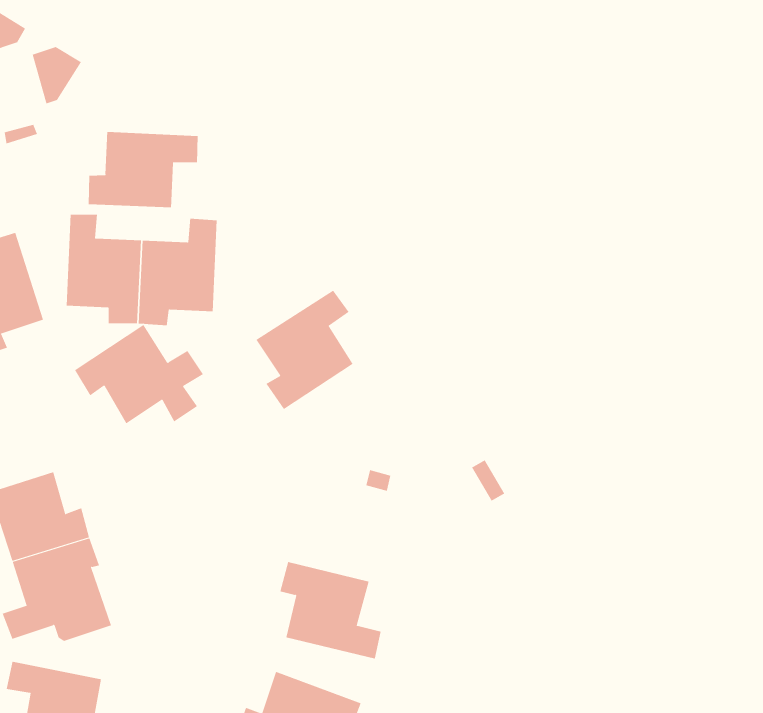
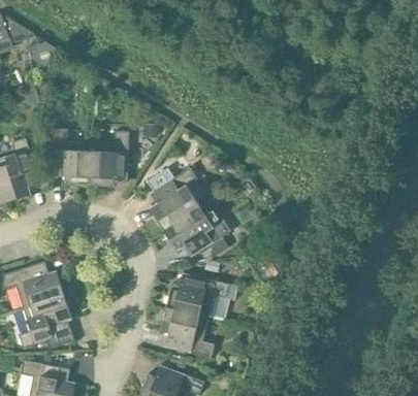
building: [88,131,198,208] -> none
building: [74,324,204,424] -> [163,206,230,258]
building: none -> [165,273,228,319]

